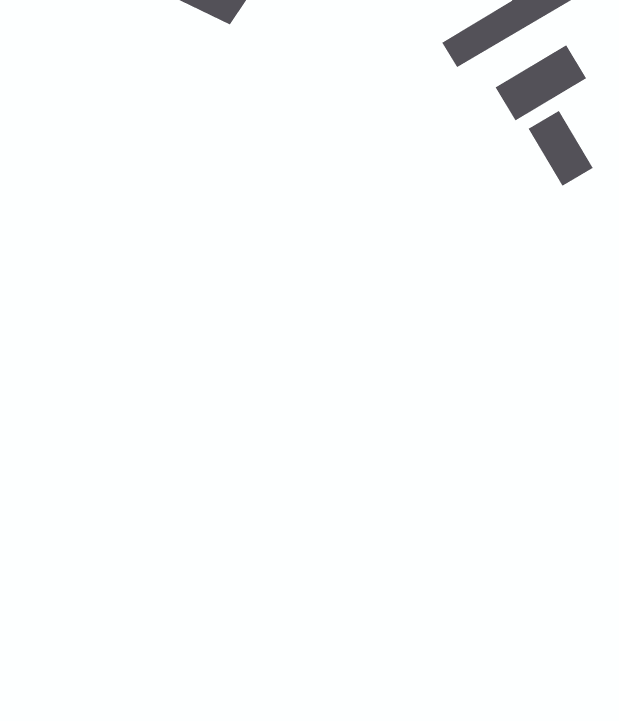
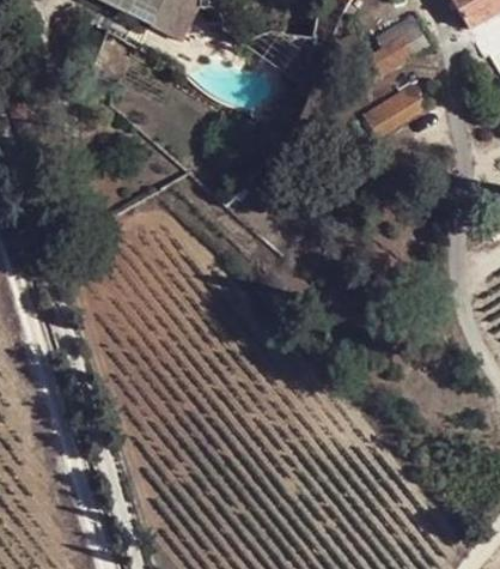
building: [528,110,594,187] -> none

